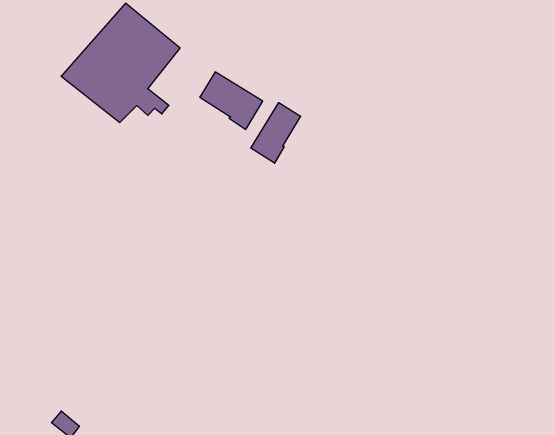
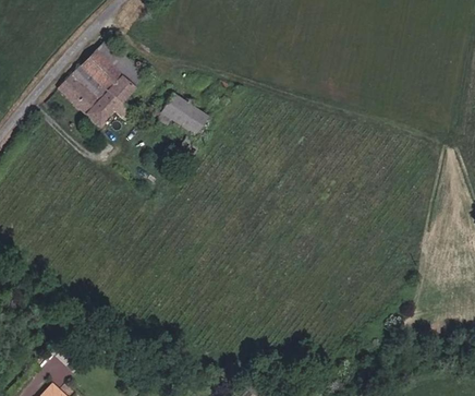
building: [251,103,301,163] -> none

